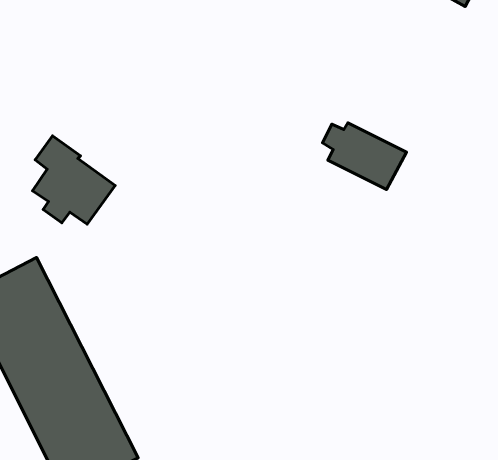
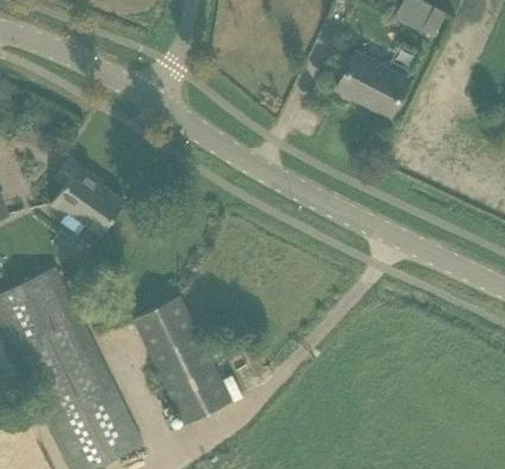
building: [322,123,407,189] -> [332,55,407,115]
building: none -> [130,296,232,426]

